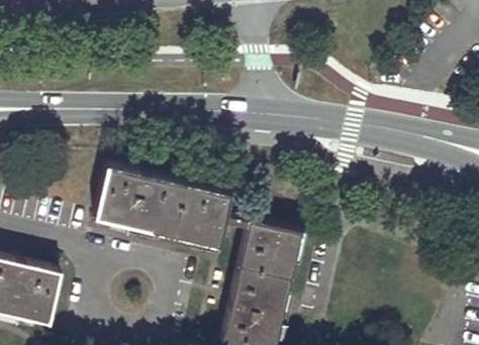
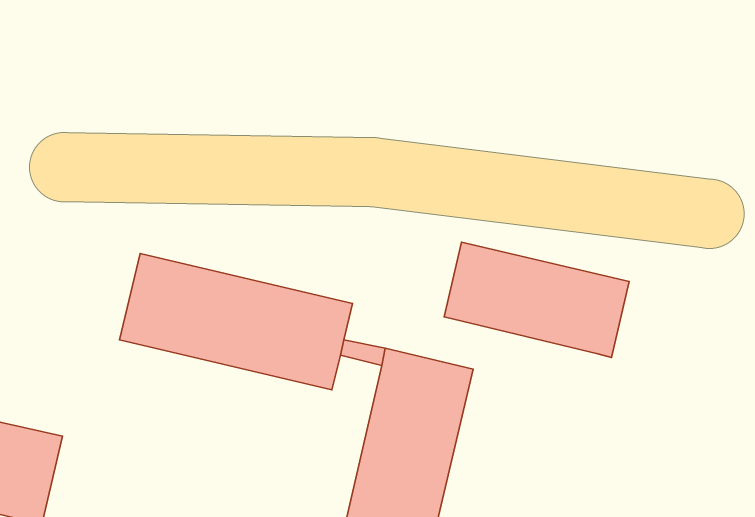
building: none -> [444,242,629,357]

